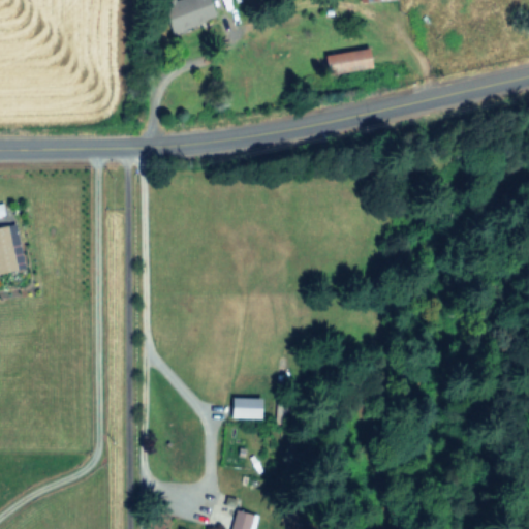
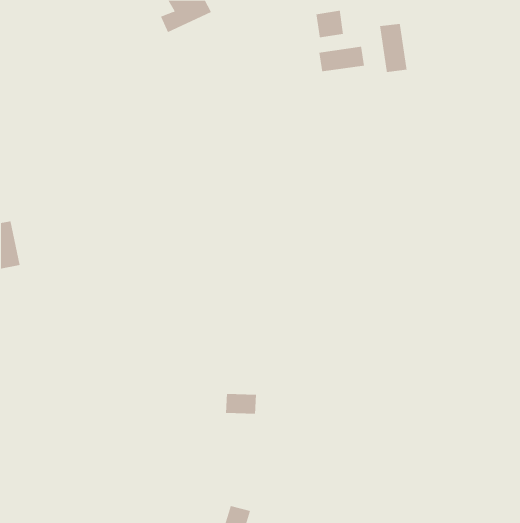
building: none -> [316,10,344,38]
building: none -> [380,23,407,73]

